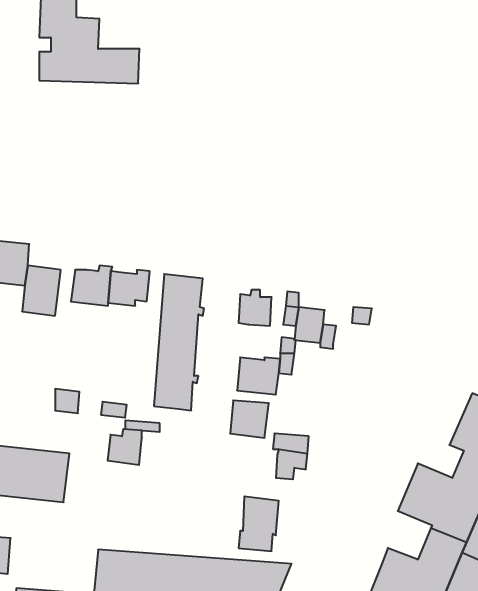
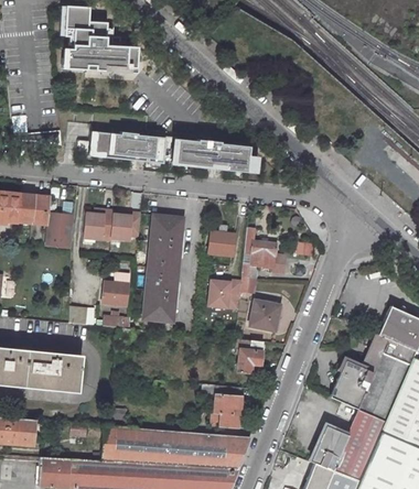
building: none -> [88,130,255,172]
building: [230,400,269,438] -> [250,305,280,334]
building: [108,429,142,465] -> [103,278,129,305]

